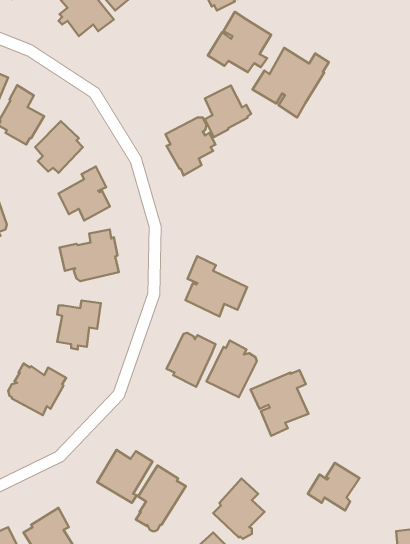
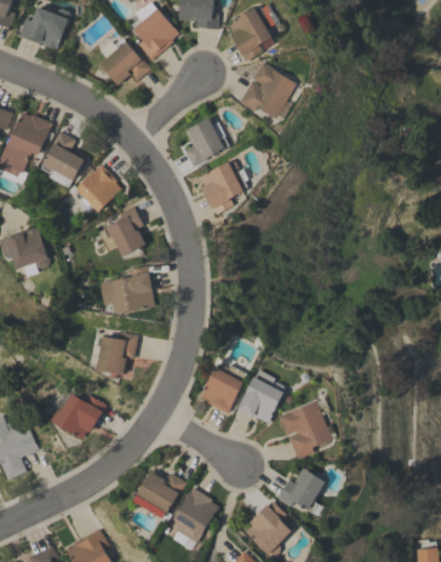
building: [252,48,329,117] -> none
building: [205,86,251,137] -> [184,117,228,166]
building: [186,256,247,316] -> none
building: [308,463,359,511] -> [277,468,326,512]

